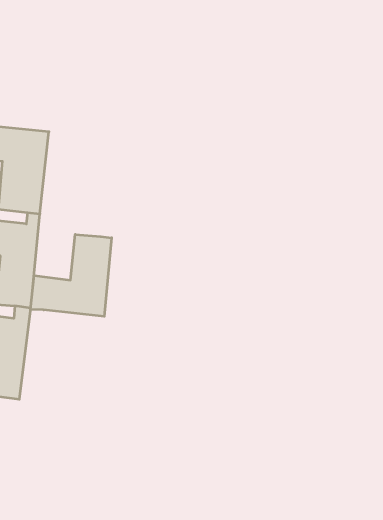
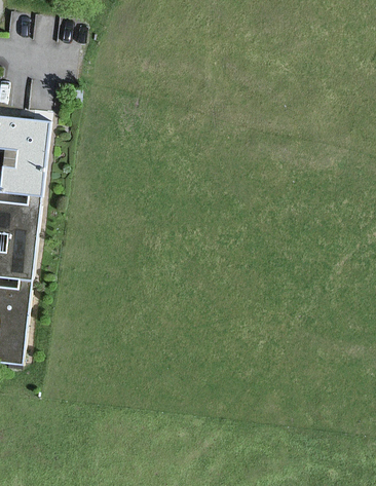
building: [31,234,112,316] -> none

